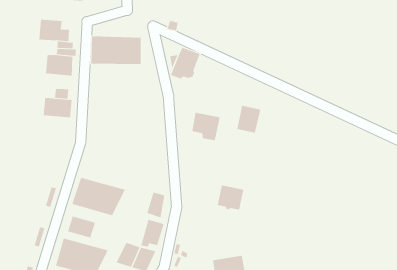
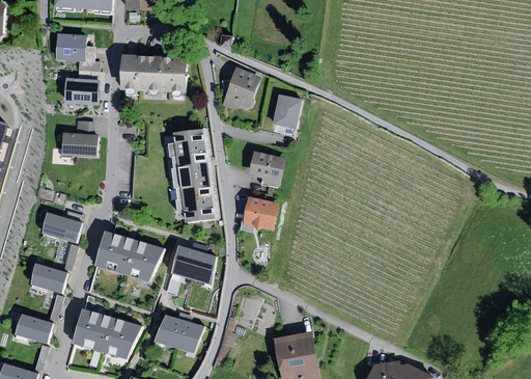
building: none -> [167,127,216,223]
building: [236,105,261,133] -> [271,93,302,129]
building: none -> [44,213,82,243]
building: [217,185,244,210] -> [243,197,277,229]
building: [67,216,96,238] -> [31,265,67,293]
building: [141,219,164,247] -> [169,245,199,280]
building: none -> [16,315,53,344]

